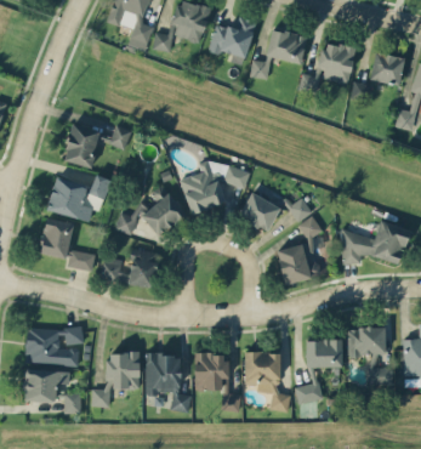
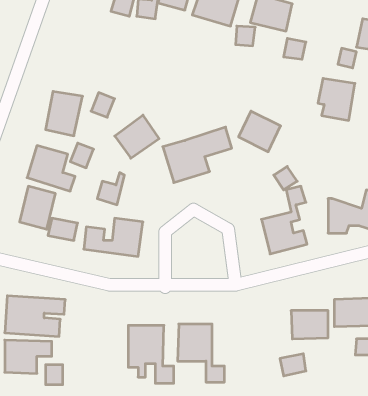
building: [319,42,355,84] -> [318,78,355,120]
building: [239,192,280,232] -> [239,111,281,152]
building: [142,193,186,235] -> [115,115,159,158]
building: [92,352,140,407] -> none
building: [245,352,290,410] -> none

